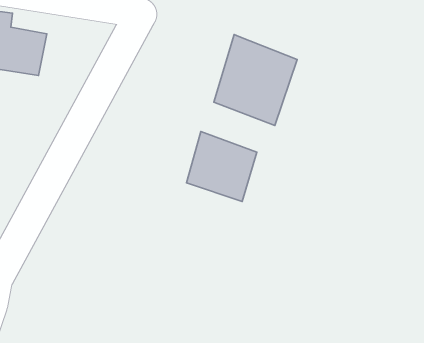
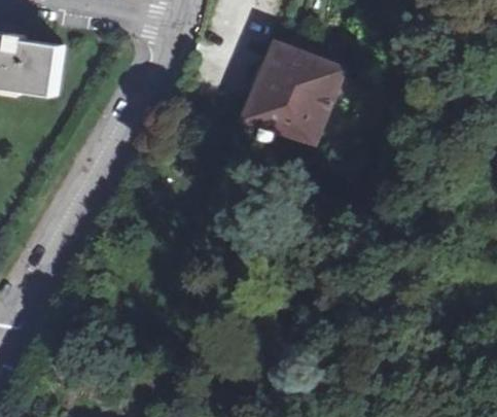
building: [187,131,257,202] -> none

